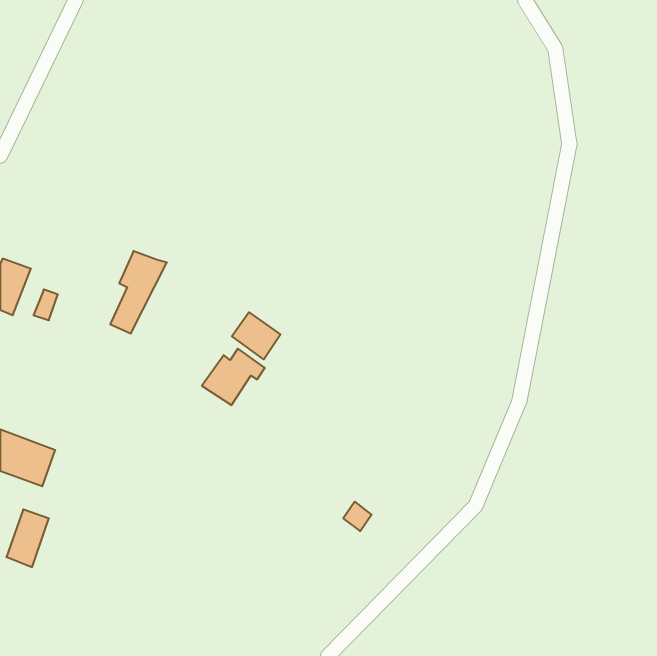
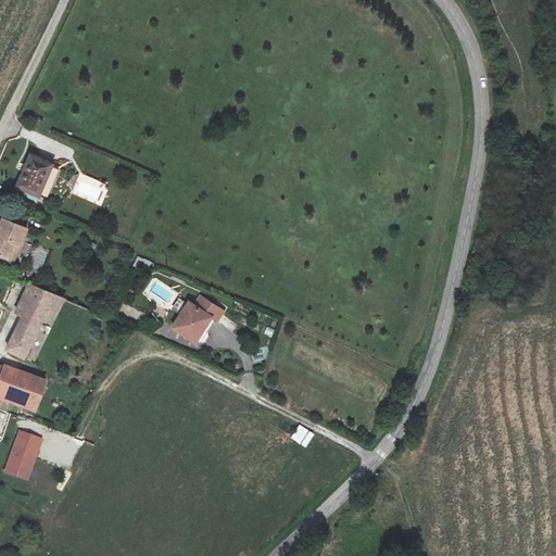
building: none -> [17,154,52,194]
building: [110,251,167,333] -> [9,286,56,355]
building: [232,312,280,359] -> none

